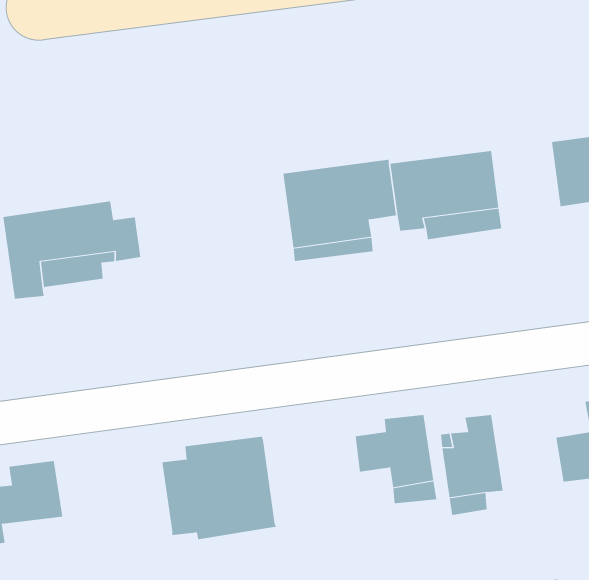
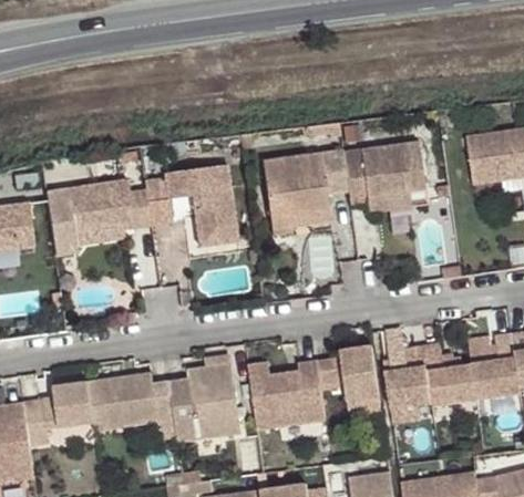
building: none -> [146,164,238,245]
building: none -> [422,343,476,403]
building: none -> [247,361,325,428]
building: none -> [86,373,176,436]

